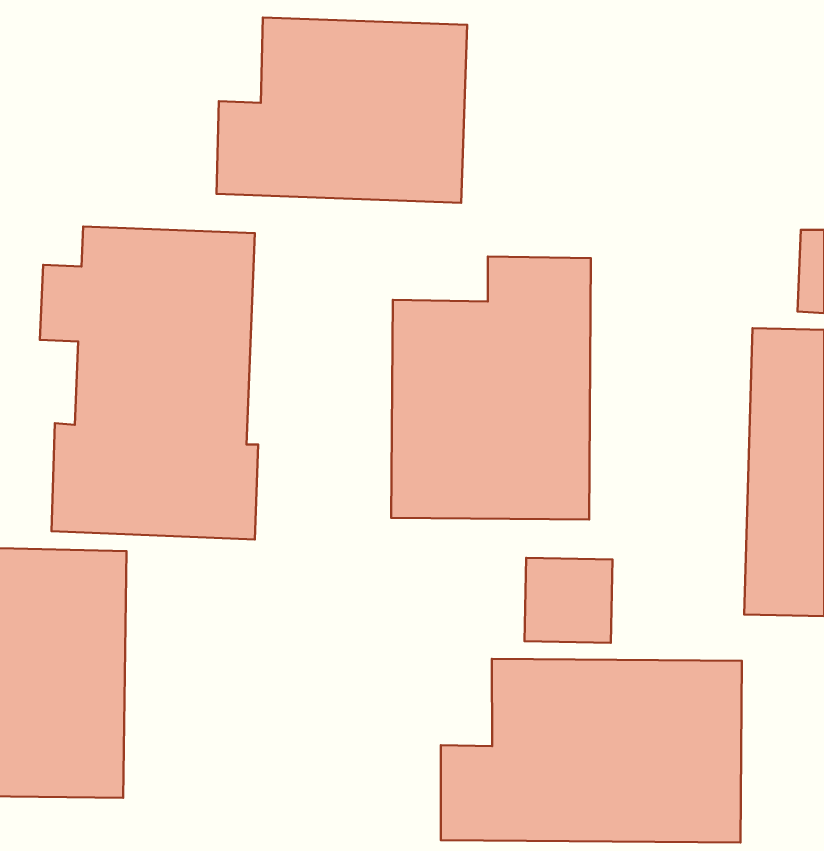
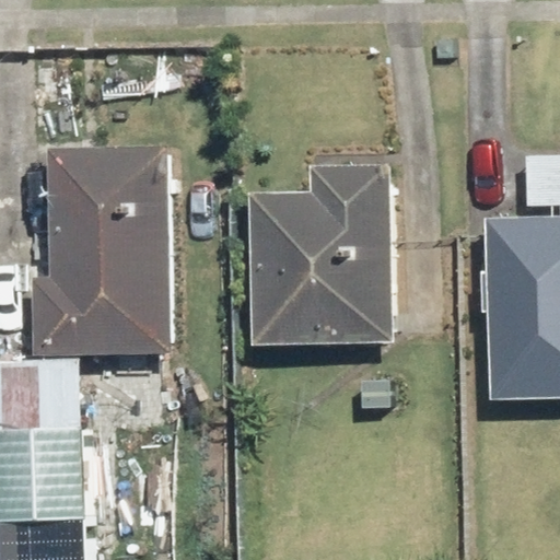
building: [216,18,467,203] -> none
building: [441,659,742,843] -> none

